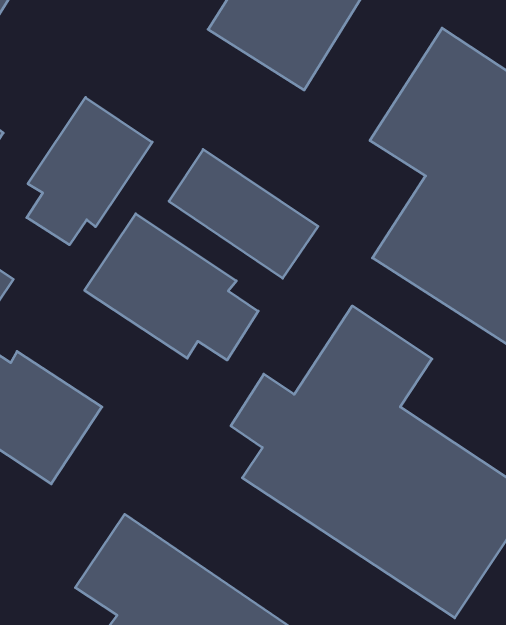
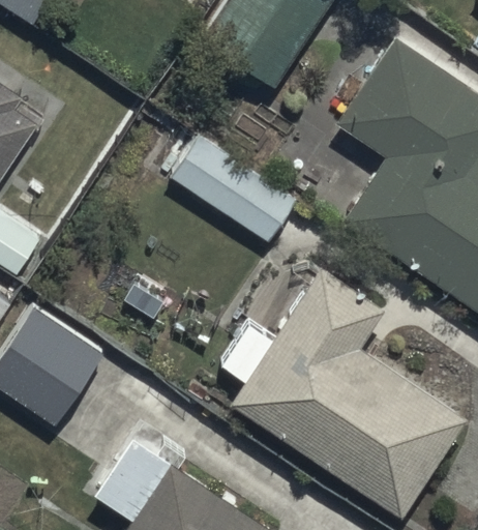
building: [27,97,152,245] -> none
building: [85,214,258,360] -> none

